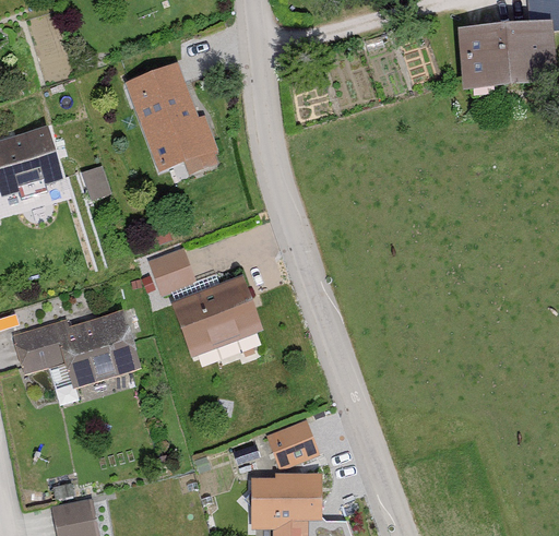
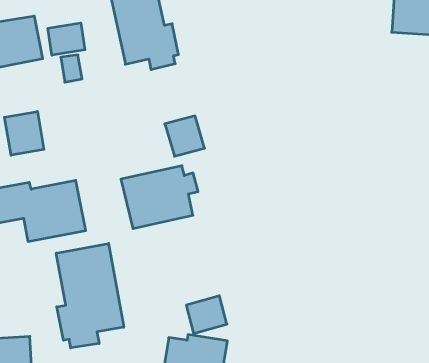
building: none -> [48,23,85,55]
building: none -> [4,111,44,155]
building: [147,247,198,297] -> [165,116,205,156]
building: none -> [56,243,124,348]

